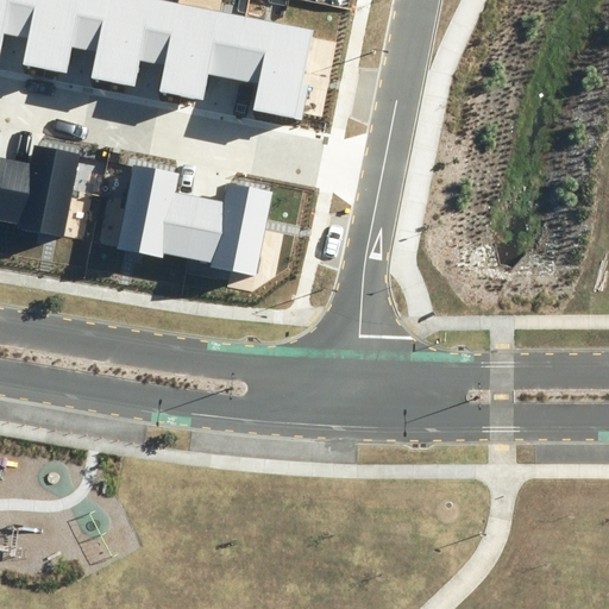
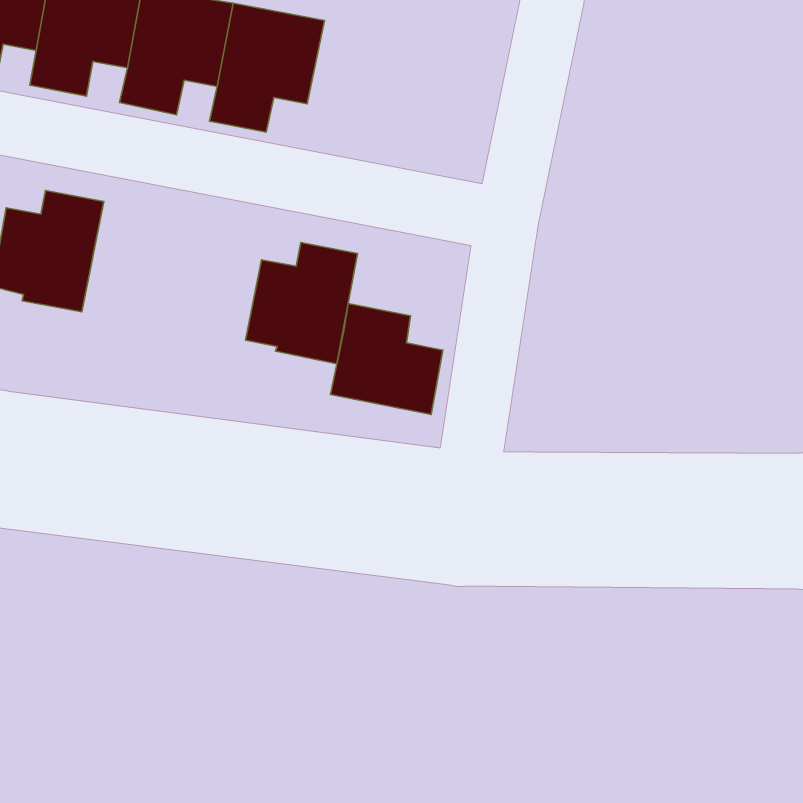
building: [232,15,312,119] -> none
building: [115,164,197,257] -> none
building: none -> [330,304,443,415]

